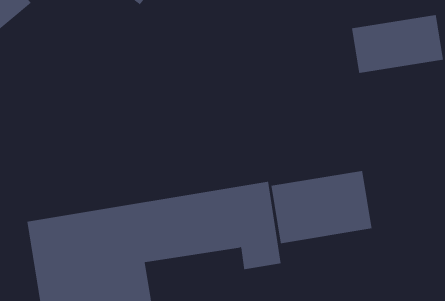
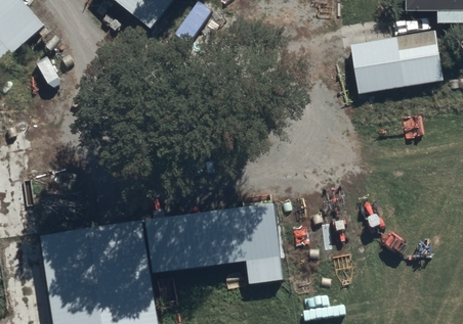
building: [271,170,372,244] -> none

